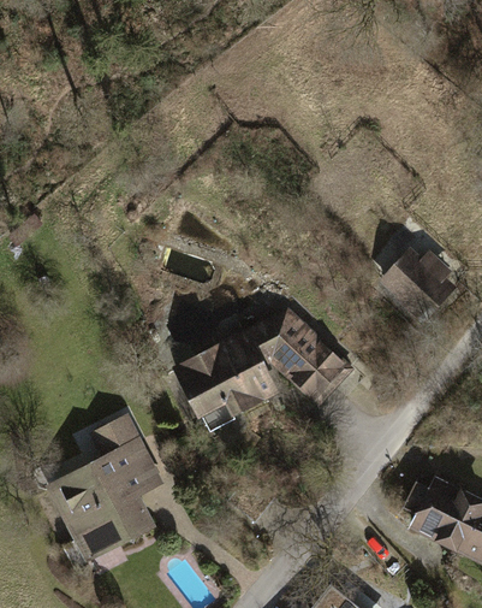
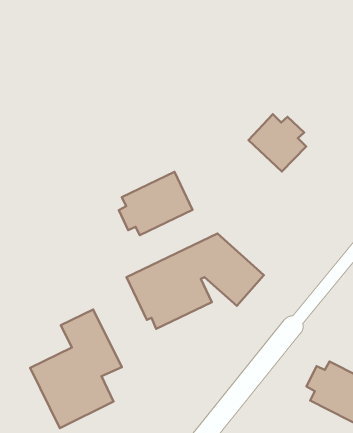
building: none -> [119,172,193,235]
building: [380,247,454,321] -> [249,114,306,172]

